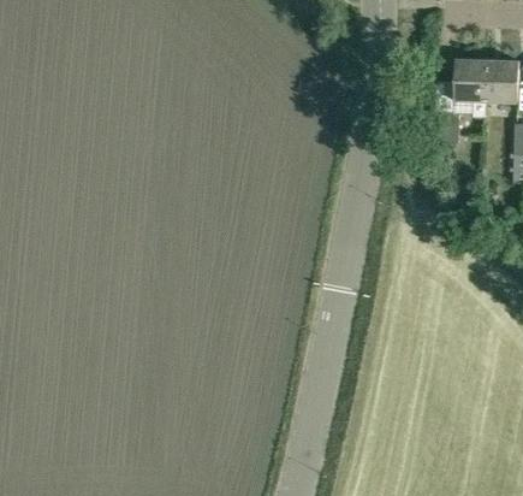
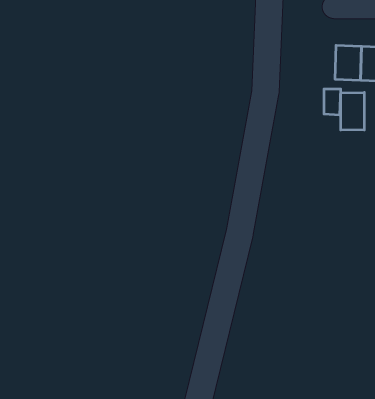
building: none -> [341,92,364,130]

